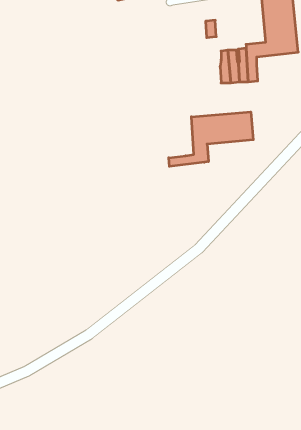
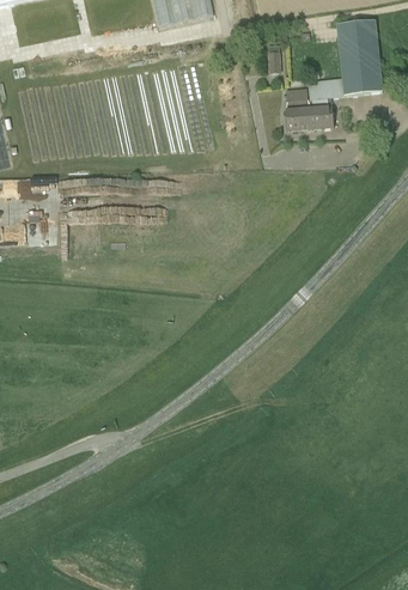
building: [169,112,253,166] -> none

